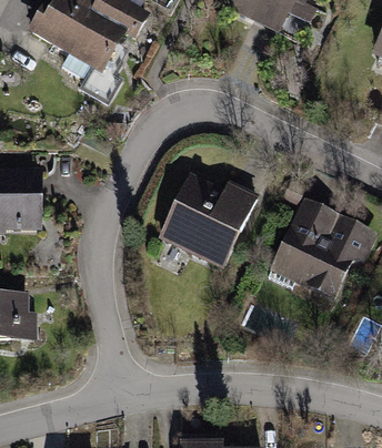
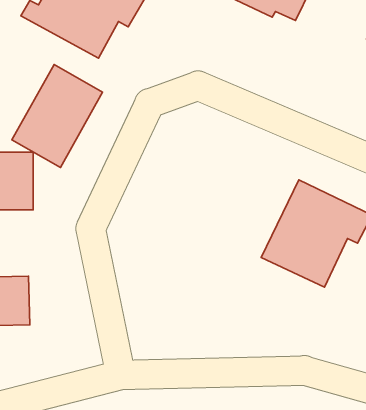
building: none -> [12,64,103,167]
building: [158,173,259,267] -> none

